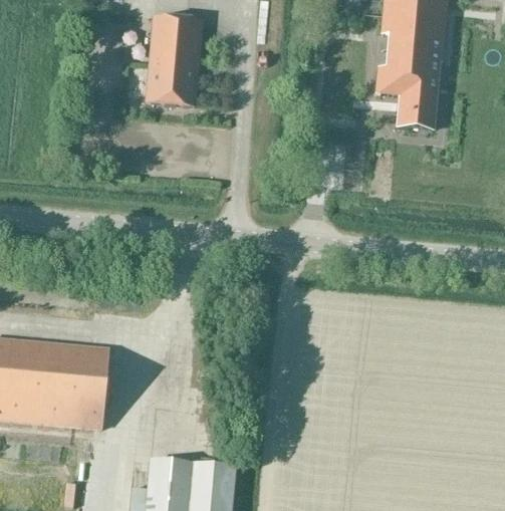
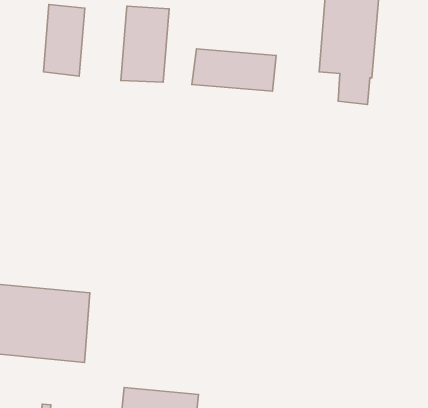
building: none -> [43,4,85,76]
building: none -> [192,49,276,91]

